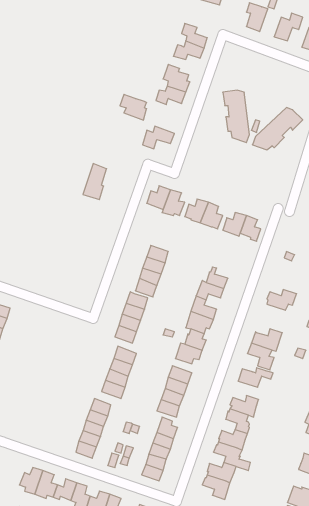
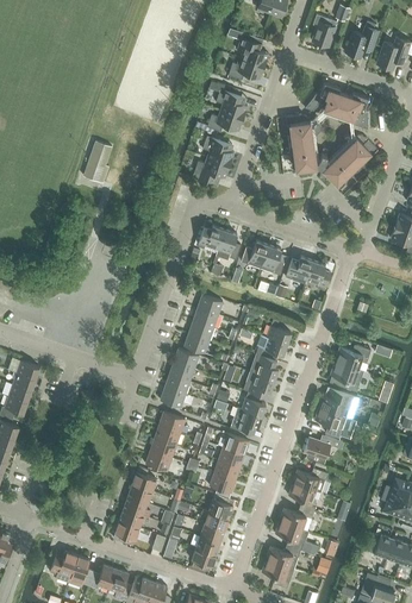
building: none -> [306,84,369,131]
building: [120,94,147,120] -> [202,136,233,165]
building: [83,164,107,200] -> [85,142,112,183]
building: none -> [331,363,362,392]

